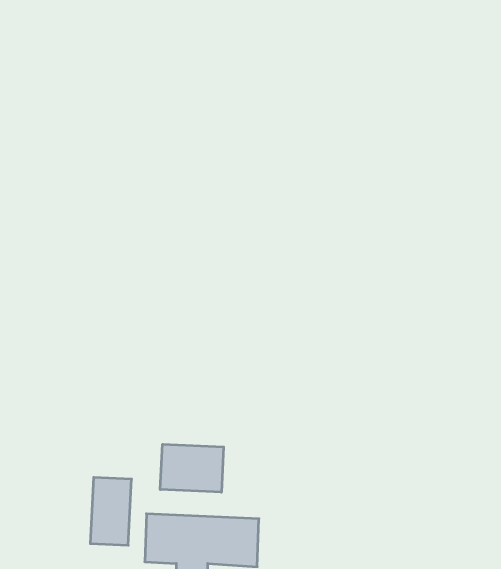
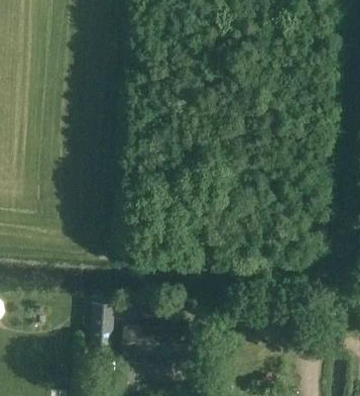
building: [160,444,224,492] -> none

